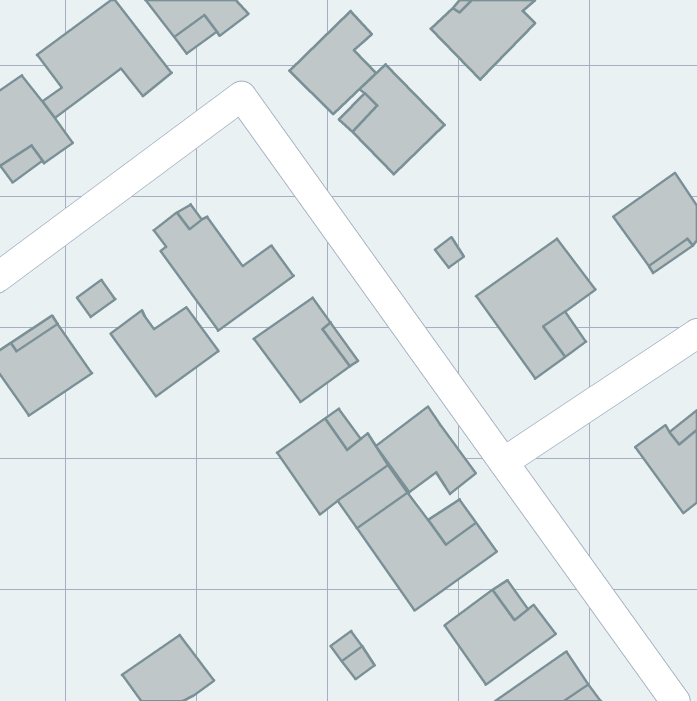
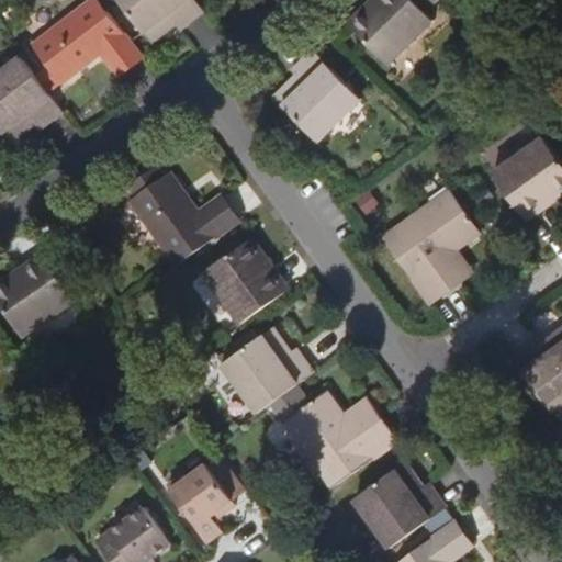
building: [289,11,376,114] -> none
building: [111,307,218,396] -> none
building: [376,407,476,494] -> none
building: none -> [168,464,236,541]

